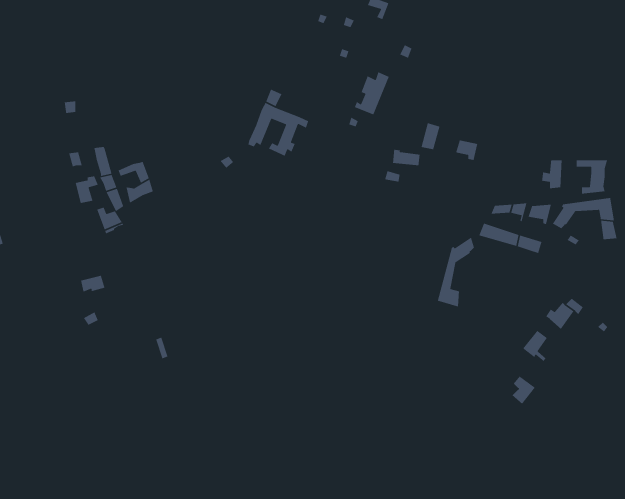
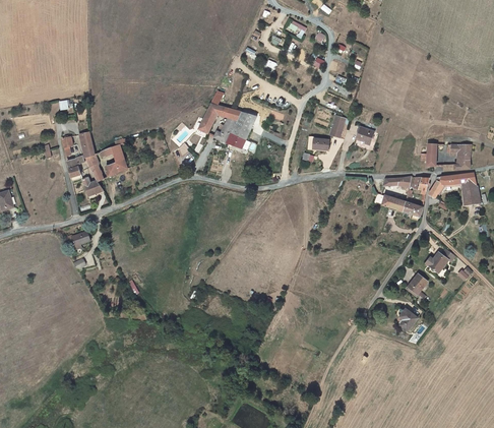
building: [354,71,390,115] -> [227,115,254,148]
building: [437,237,475,308] -> none

